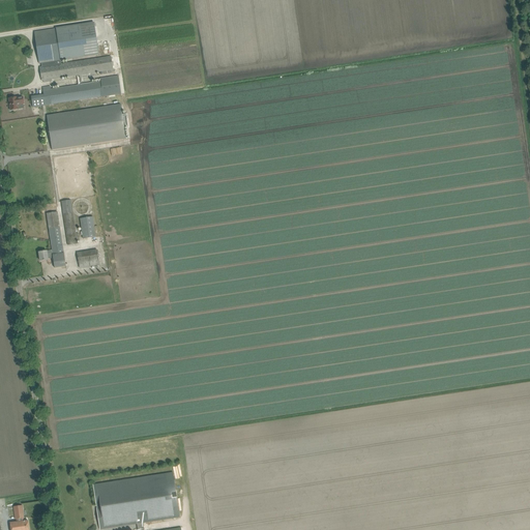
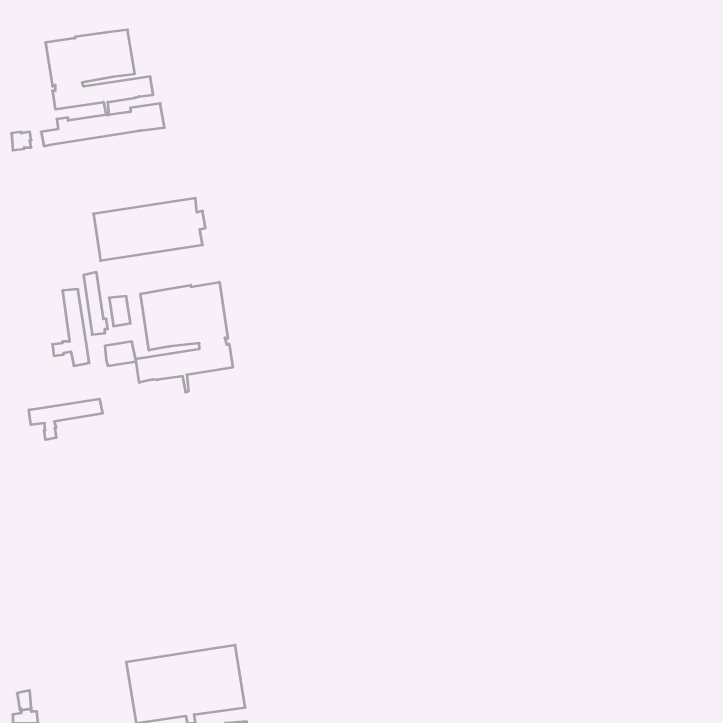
building: [46,104,127,149] -> [93,198,205,261]
building: none -> [136,282,233,392]
building: none -> [29,399,103,440]

